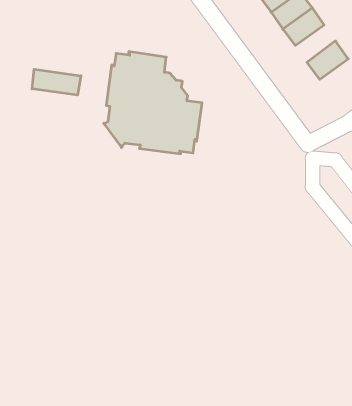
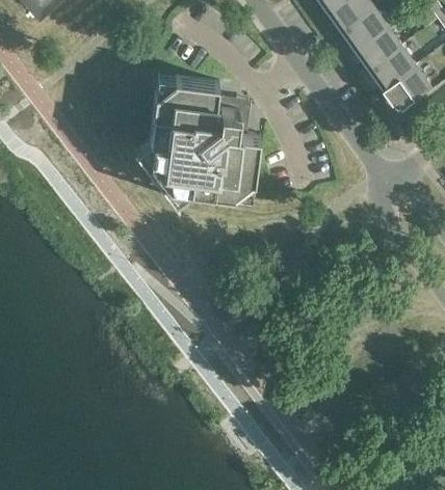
building: none -> [369,46,416,89]
building: [32,69,81,95] -> none

